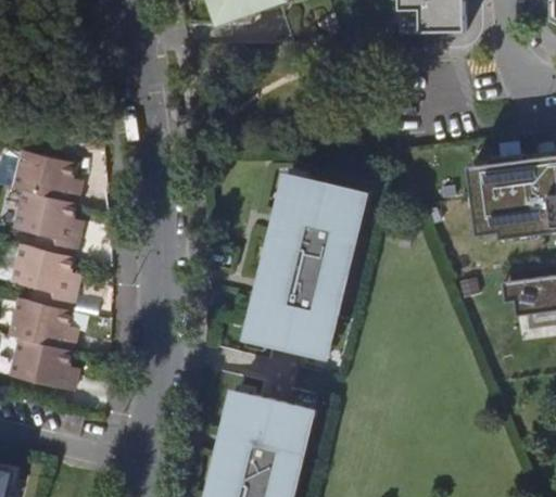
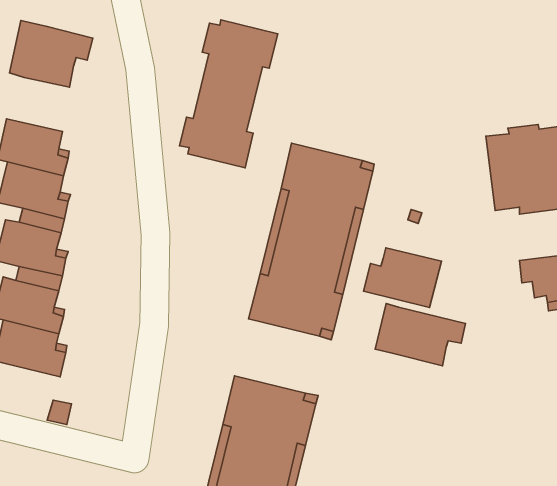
building: none -> [180,20,278,168]
building: none -> [10,21,93,87]
building: none -> [363,248,441,307]
building: none -> [375,304,466,366]

